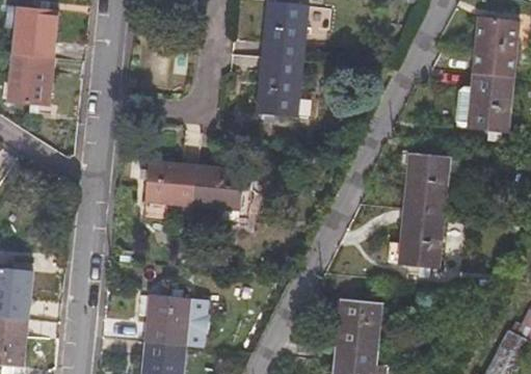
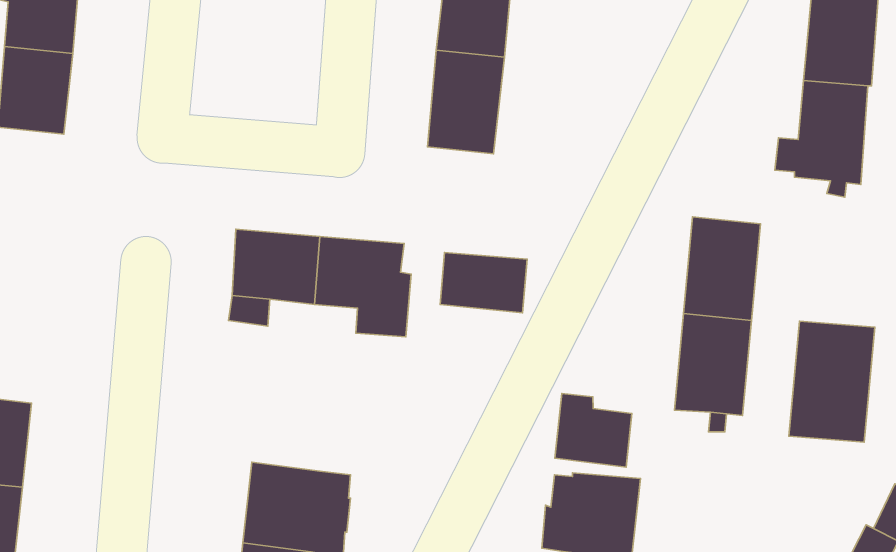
building: none -> [440,252,527,313]
building: none -> [789,321,875,442]
building: none -> [555,393,632,467]

